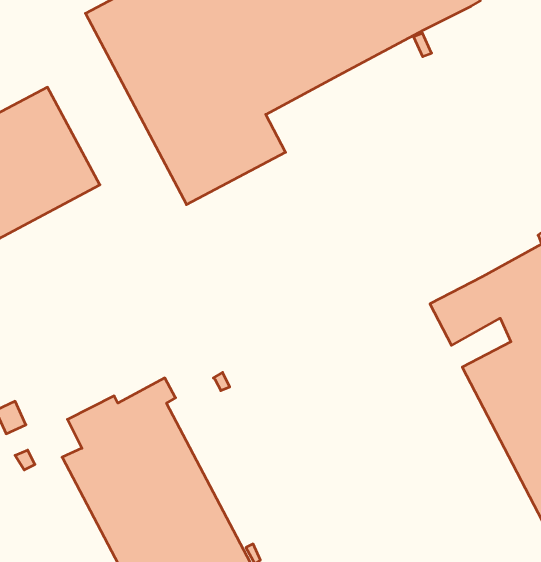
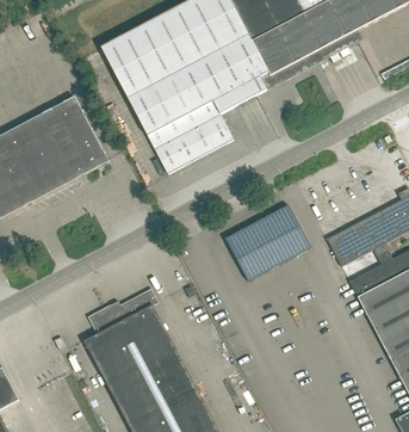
building: none -> [224,204,310,280]

